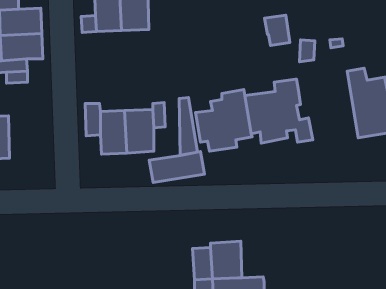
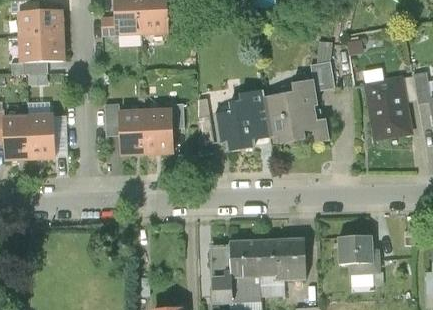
building: [265,15,290,46] -> [309,60,334,90]
building: none -> [28,114,54,157]
building: [149,152,204,183] -> none
building: none -> [337,234,378,272]
building: none -> [258,238,305,279]

